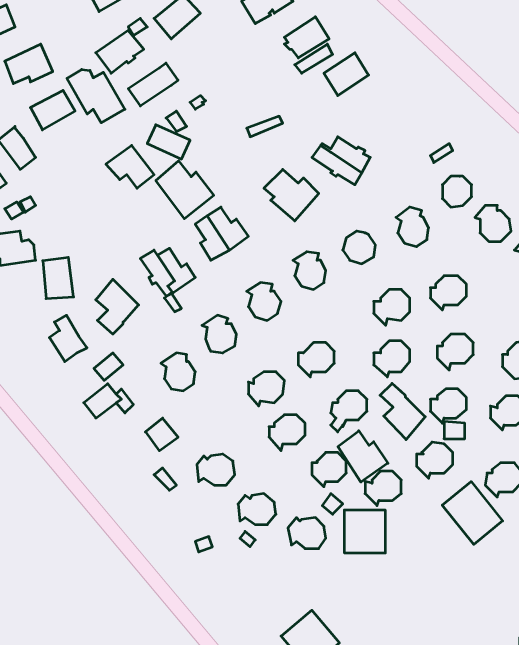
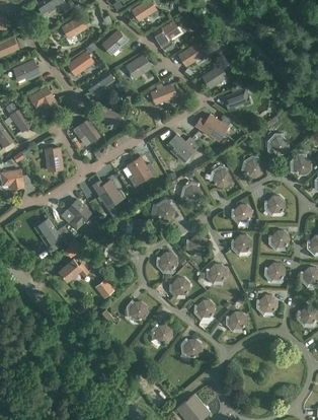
building: none -> [125,53,152,79]
building: [67,69,125,123] -> none
building: none -> [149,82,177,104]
building: none -> [224,87,251,111]
building: [156,161,214,219] -> none
building: [43,257,74,299] -> [45,146,63,170]
building: [380,383,425,440] -> none
building: [338,431,388,482] -> none
building: [442,482,503,544] -> none
building: [344,510,385,553] -> none

